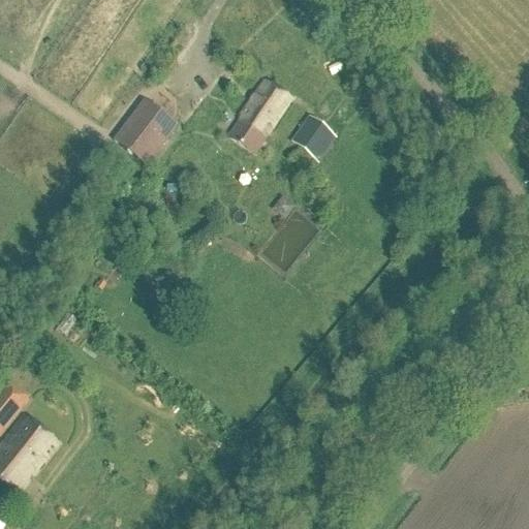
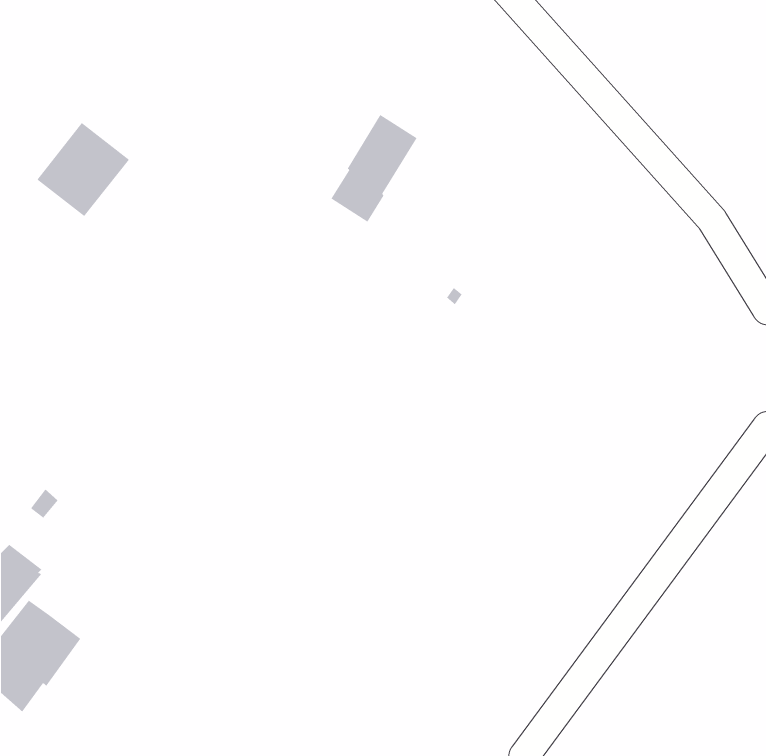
building: [114,96,178,161] -> [37,122,130,217]
building: [289,111,337,157] -> none

